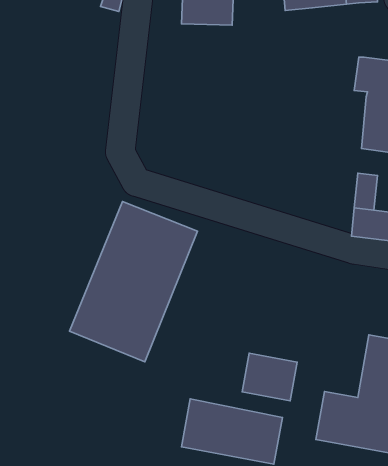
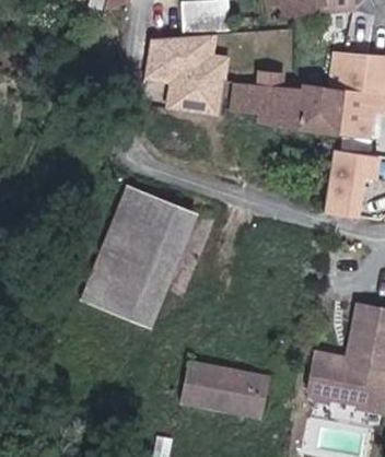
building: none -> [144,30,226,110]
building: none -> [240,79,345,137]
building: [242,353,297,401] -> none

